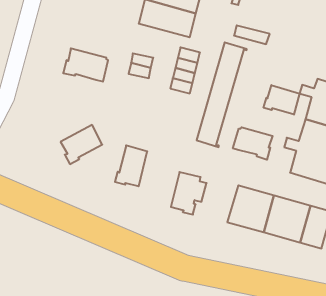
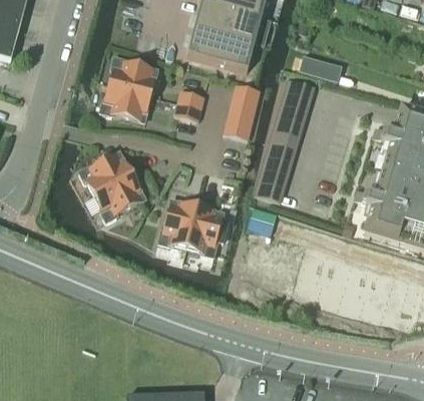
building: none -> [107,56,159,96]
building: [264,85,299,115] -> none
building: none -> [79,152,132,195]
building: [233,127,273,160] -> none
building: [171,172,207,215] -> [187,207,230,257]

